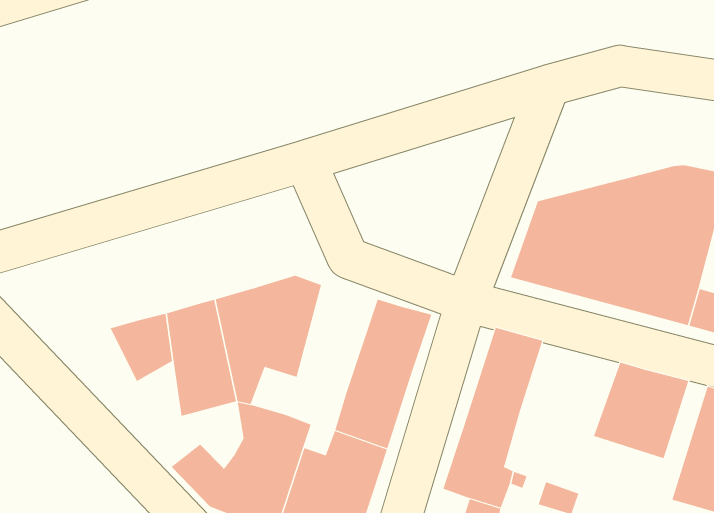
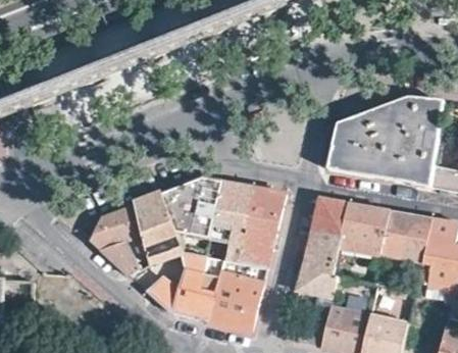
building: none -> [211,181,252,241]
building: none -> [90,215,137,274]
building: none -> [338,201,391,252]

